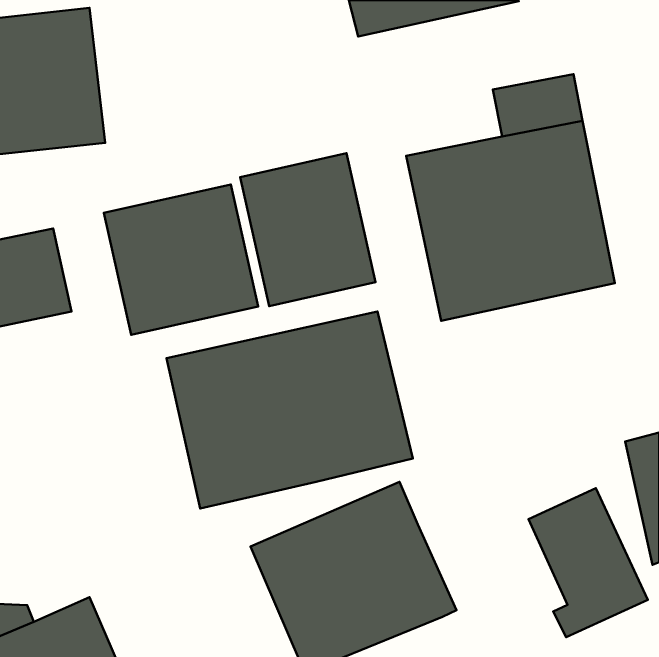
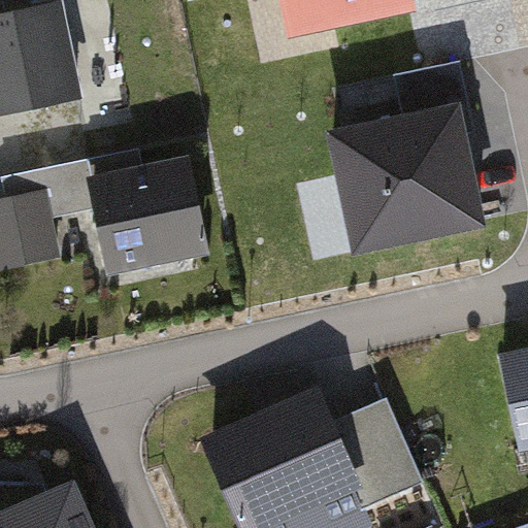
building: [240,153,376,306] -> none
building: [167,311,413,509] -> none
building: [528,488,648,637] -> [332,397,427,516]

